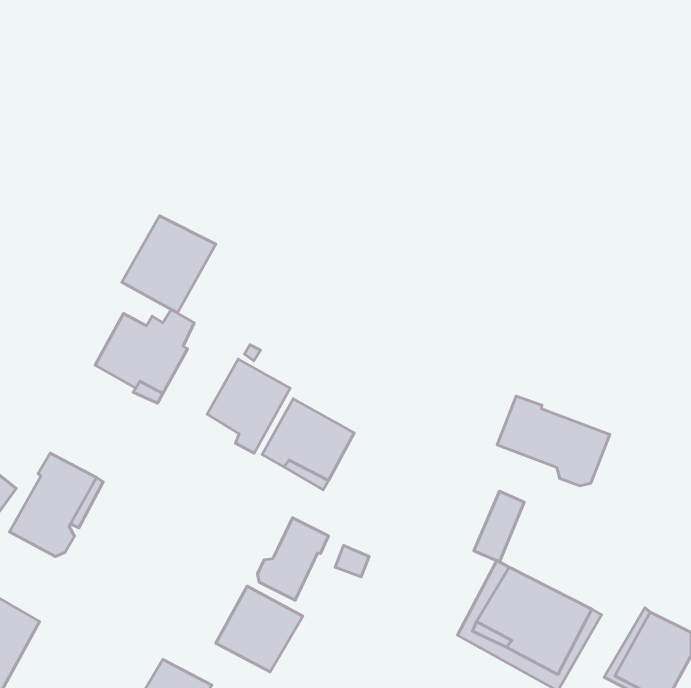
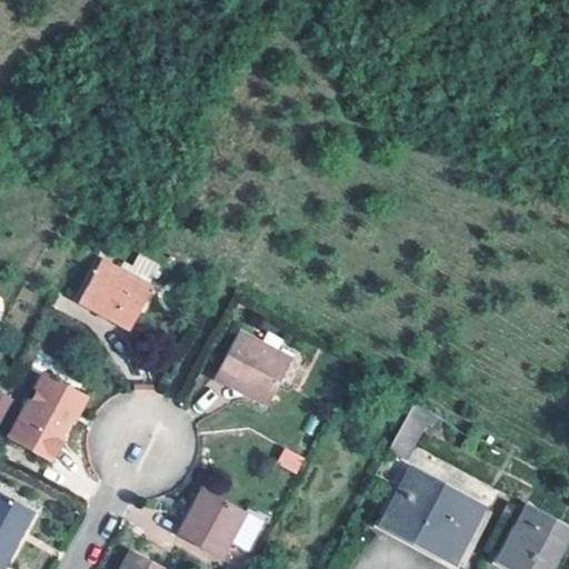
building: [122,216,216,313] -> none
building: [207,359,290,453] -> none
building: [497,396,610,486] -> none
building: [258,518,328,600] -> none

